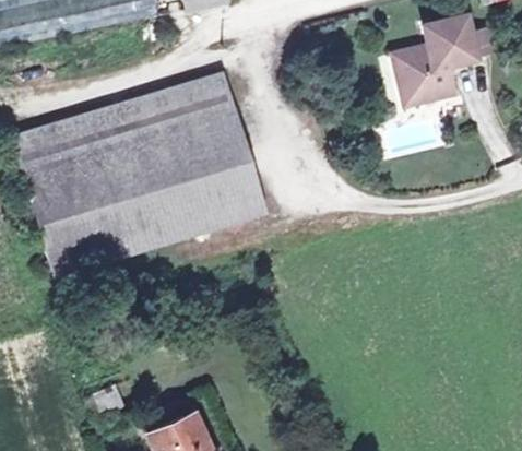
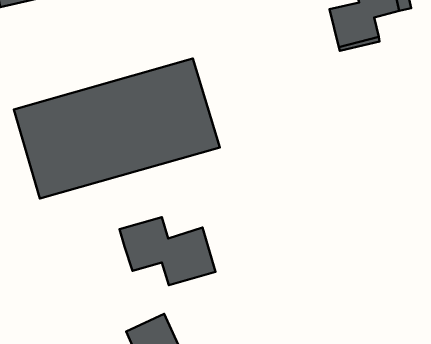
building: [12,75,232,169] -> none
building: none -> [120,217,215,285]

